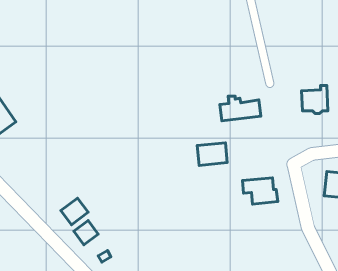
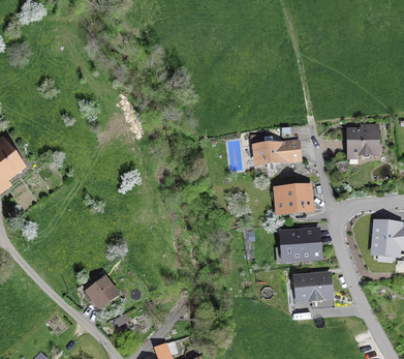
building: [197,143,227,165] -> [276,186,310,212]
building: [61,198,88,225] -> none
building: none -> [294,274,331,300]

